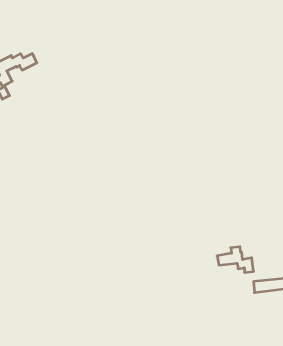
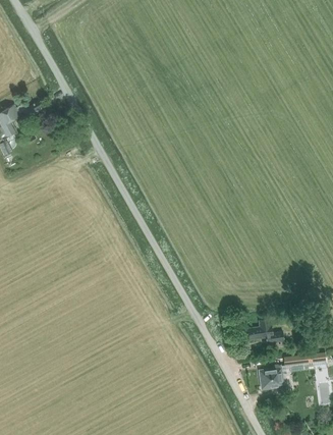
building: none -> [259,367,284,391]

